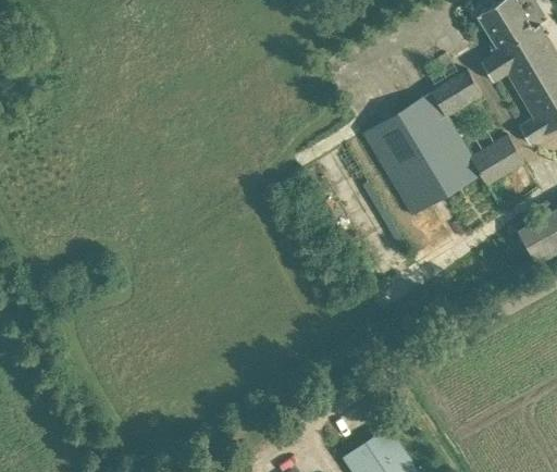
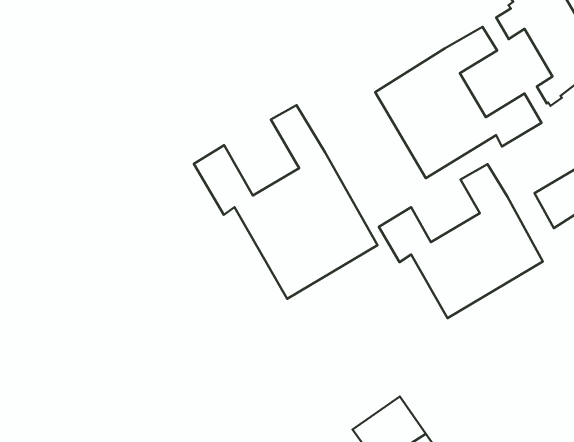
building: none -> [194,105,377,299]
building: none -> [379,164,543,318]

